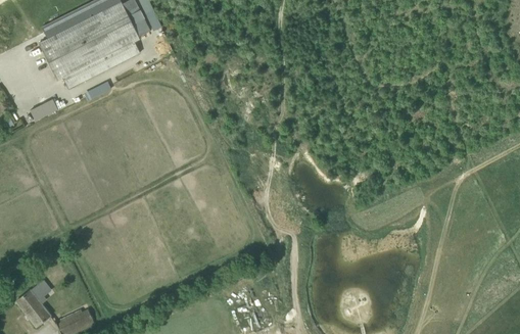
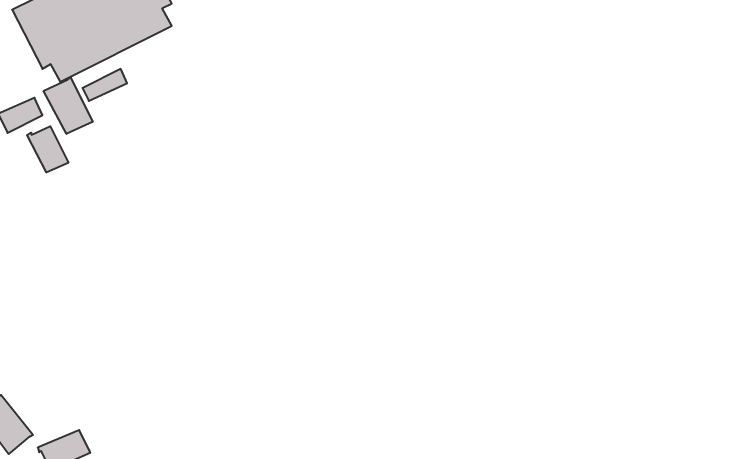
building: none -> [44,77,93,134]
building: none -> [27,126,68,172]

